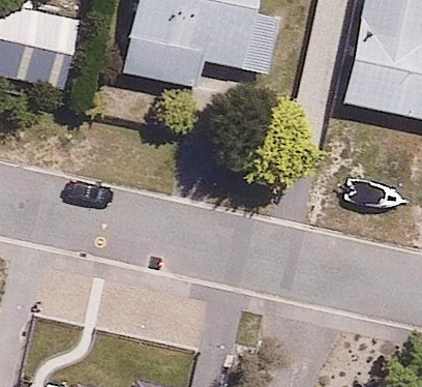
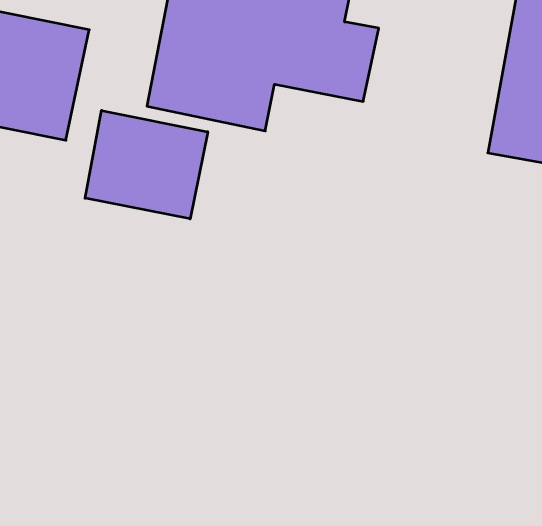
building: none -> [85,110,208,219]

